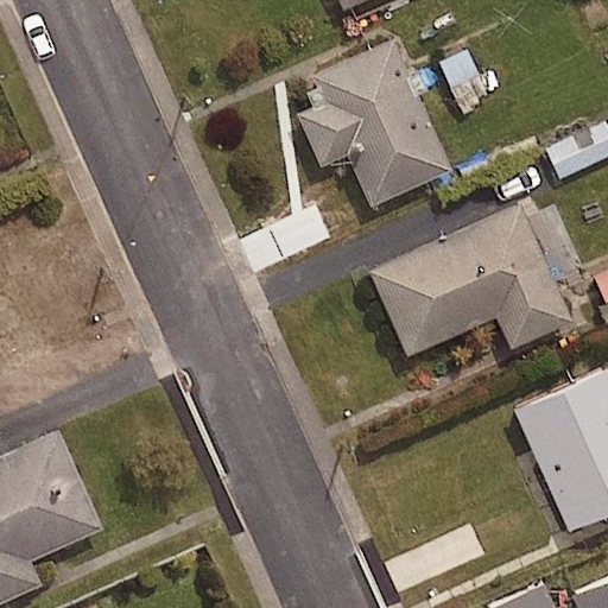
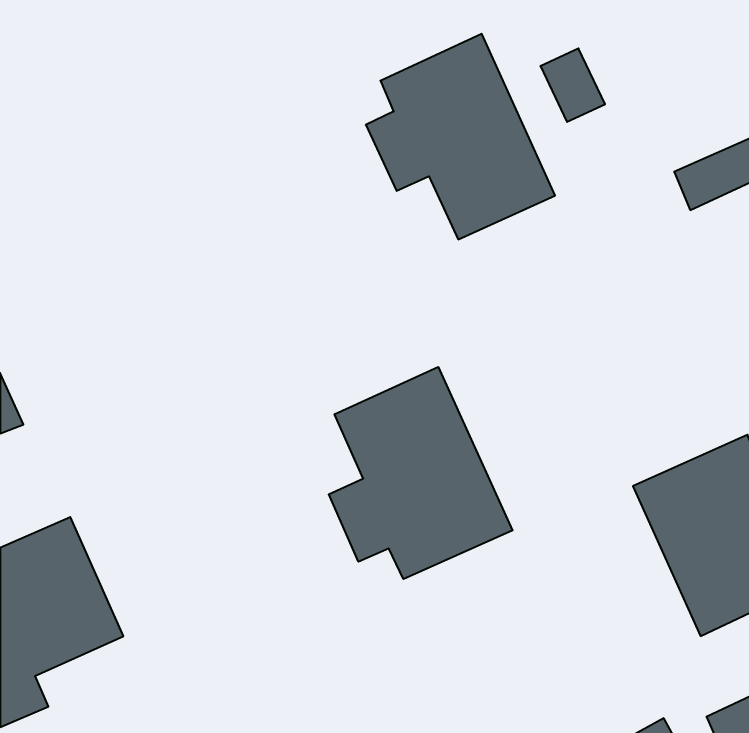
building: [370,196,580,355] -> none
building: none -> [329,367,513,579]

